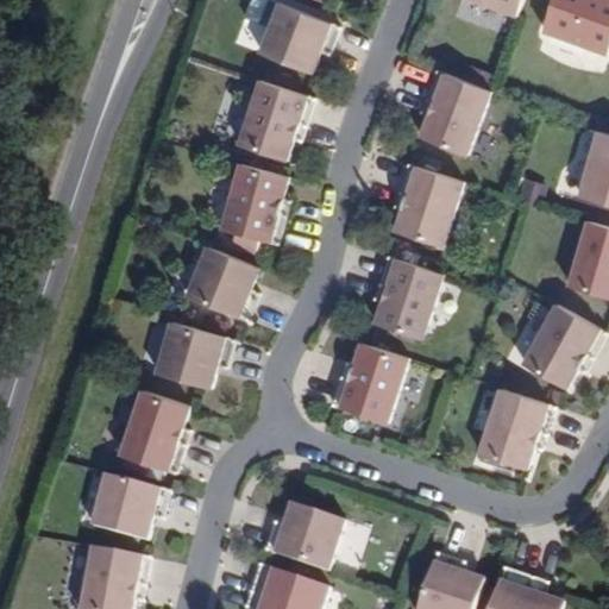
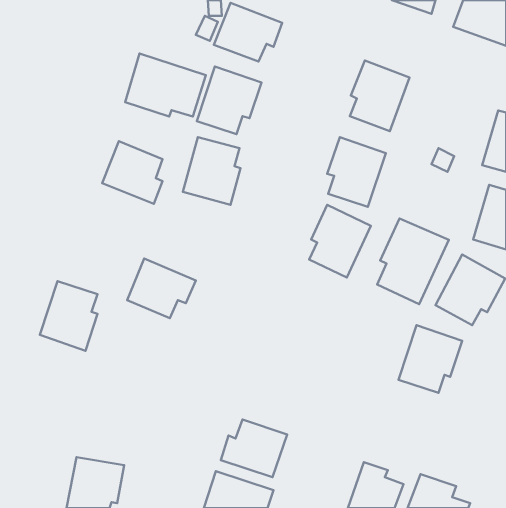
building: none -> [125,54,206,117]
building: [184,246,257,321] -> [102,141,163,204]
building: none -> [377,218,449,304]
building: [331,344,407,425] -> none
building: [119,391,188,475] -> [40,281,97,351]
building: [92,475,169,540] -> none

